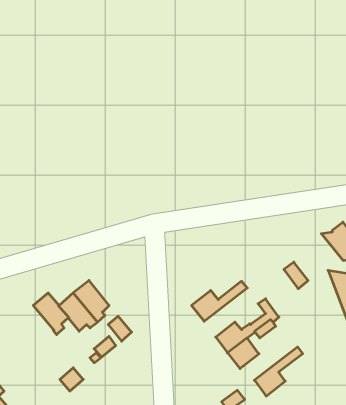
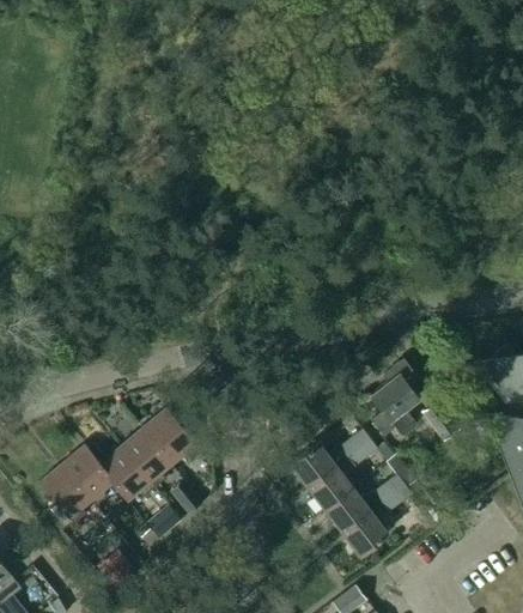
building: none -> [370,360,416,436]
building: none -> [142,409,200,465]
building: none -> [39,465,92,524]
building: [254,347,303,396] -> [308,439,377,510]

